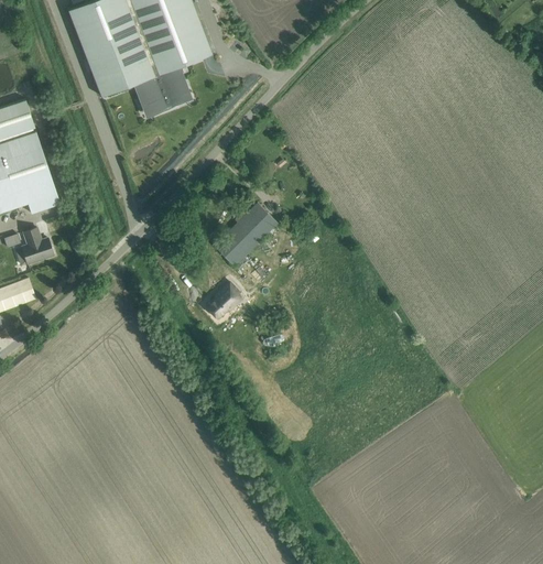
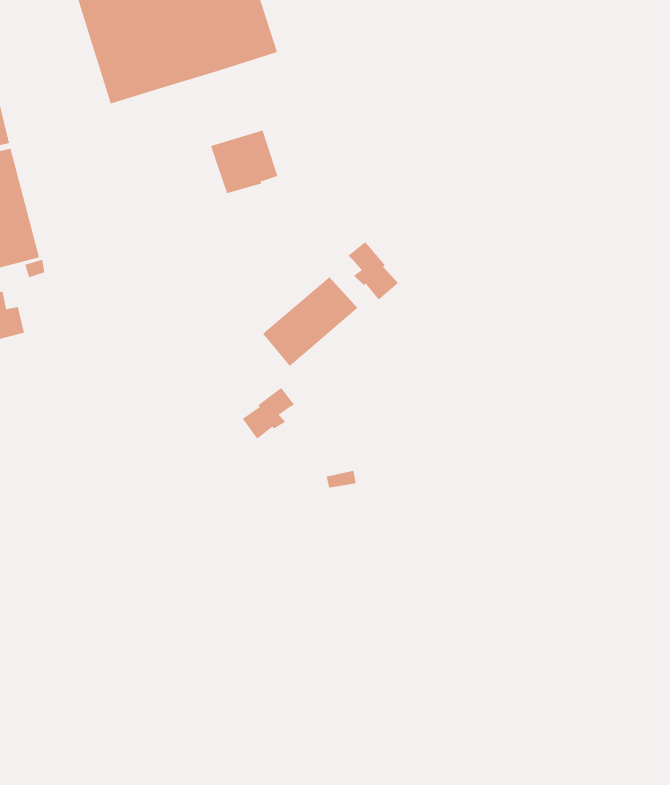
building: [139,69,186,115] -> [210,130,278,194]
building: none -> [348,241,399,300]

